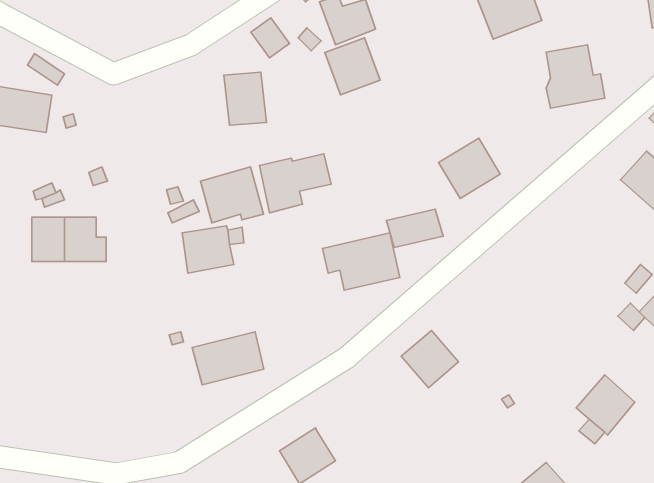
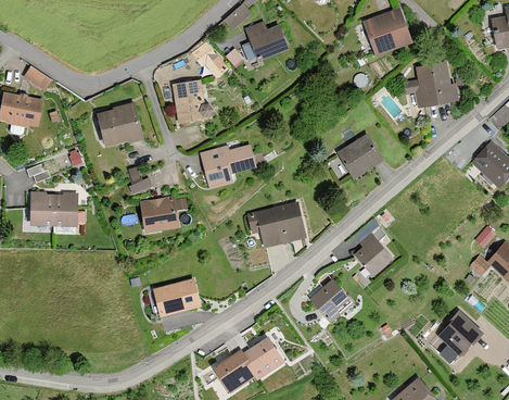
building: [325,38,380,95] -> none
building: [200,167,263,223] -> [94,101,142,143]
building: [386,209,443,248] -> none
building: none -> [348,234,390,275]
building: none -> [242,334,288,379]

